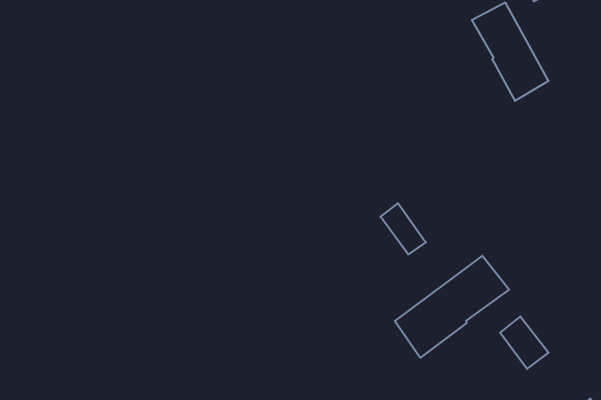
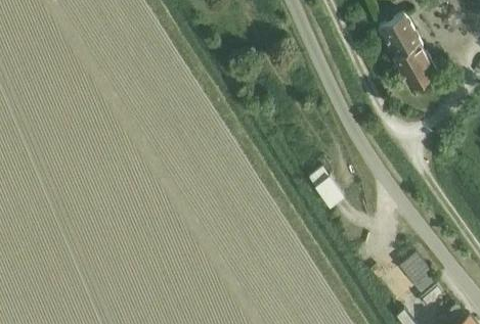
building: [395,256,509,358] -> none

